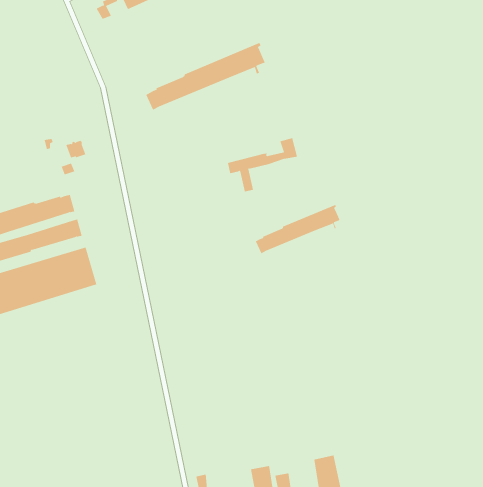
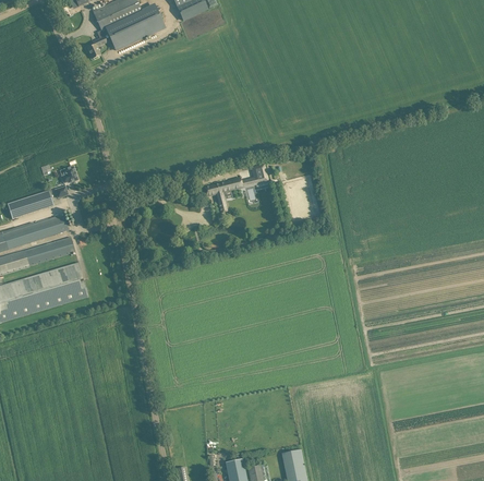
building: [145,42,265,111] -> none
building: none -> [8,190,55,218]
building: [255,204,340,254] -> none

